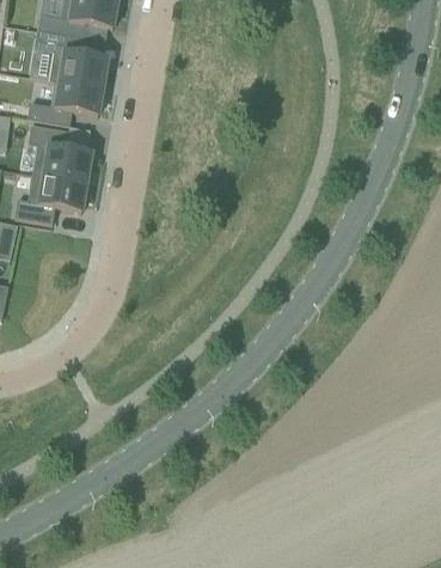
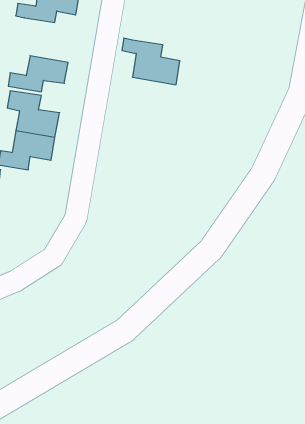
building: [33,30,106,88] -> [122,38,180,85]

